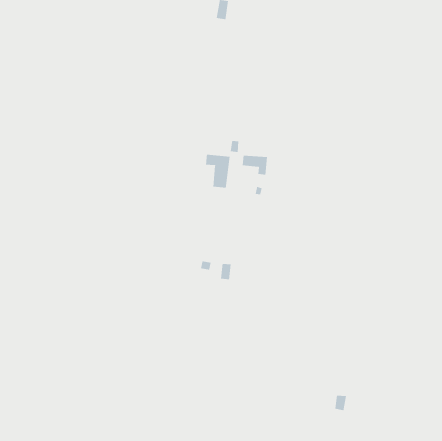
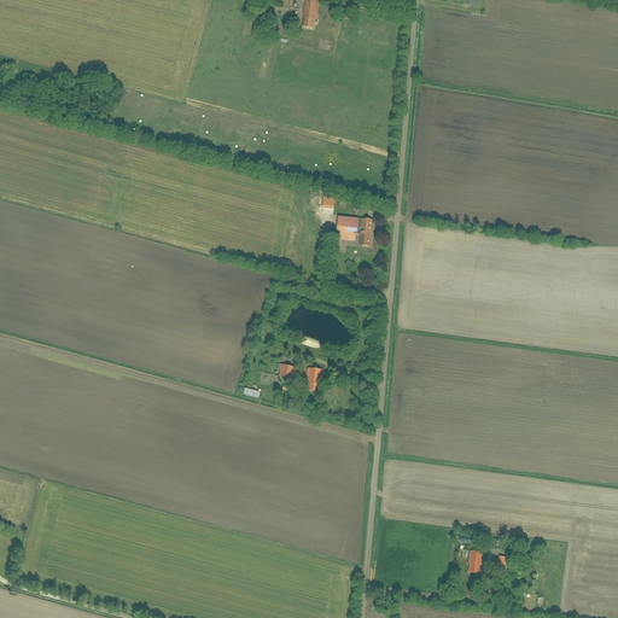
building: [206,154,230,189] -> none

